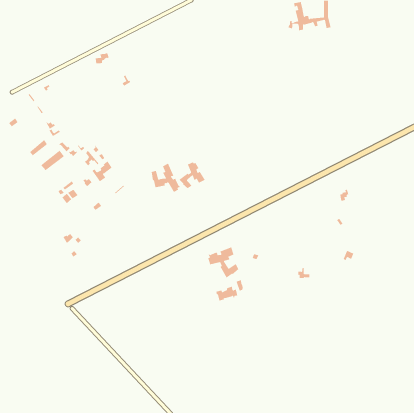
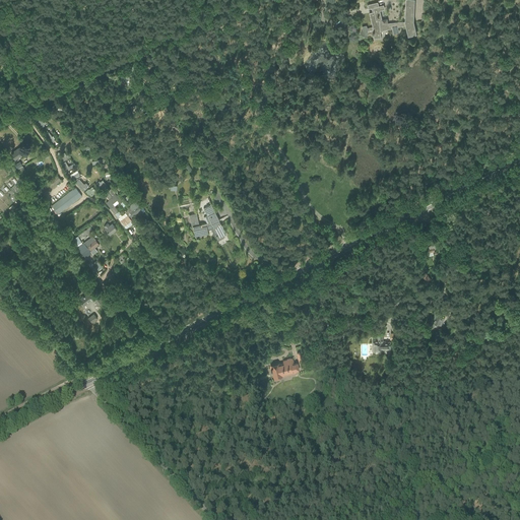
building: [179,159,206,189] -> none
building: [205,246,239,279] -> none

